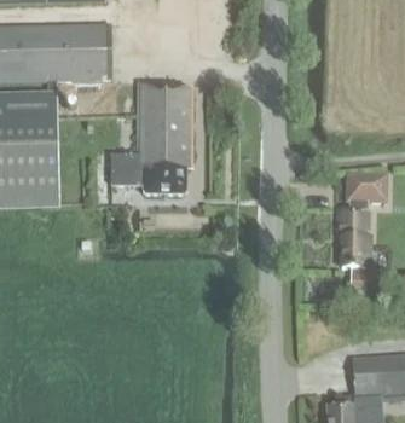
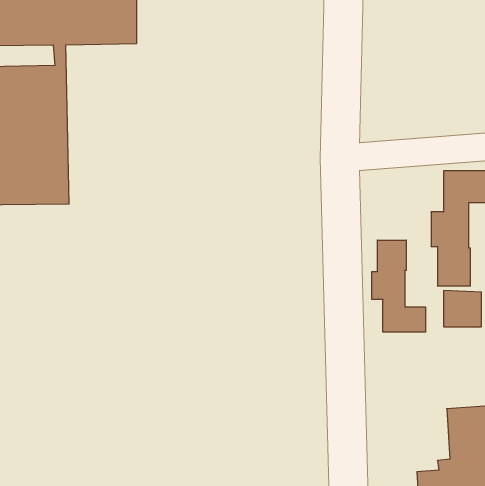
building: [110,79,191,191] -> none
building: none -> [372,240,425,332]

